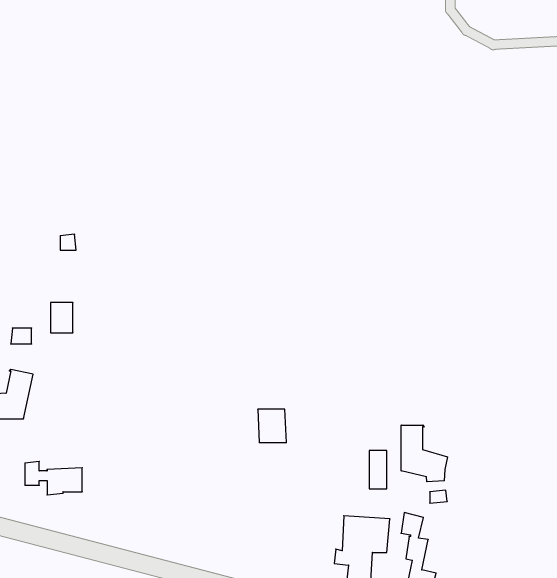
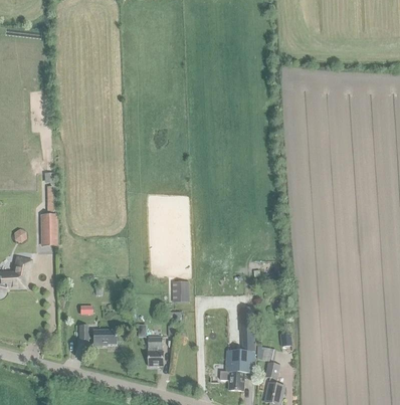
building: [401,425,448,482] -> none
building: [25,461,82,495] -> [78,325,115,346]
building: none -> [147,336,162,365]

